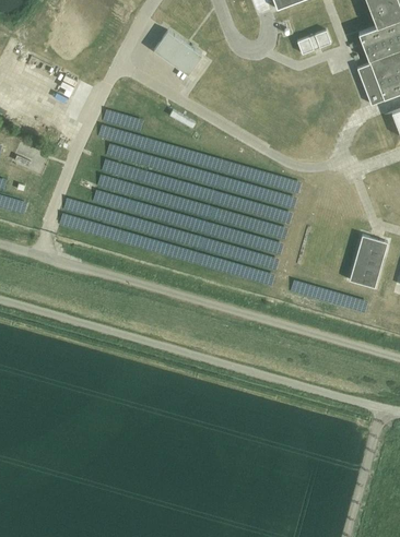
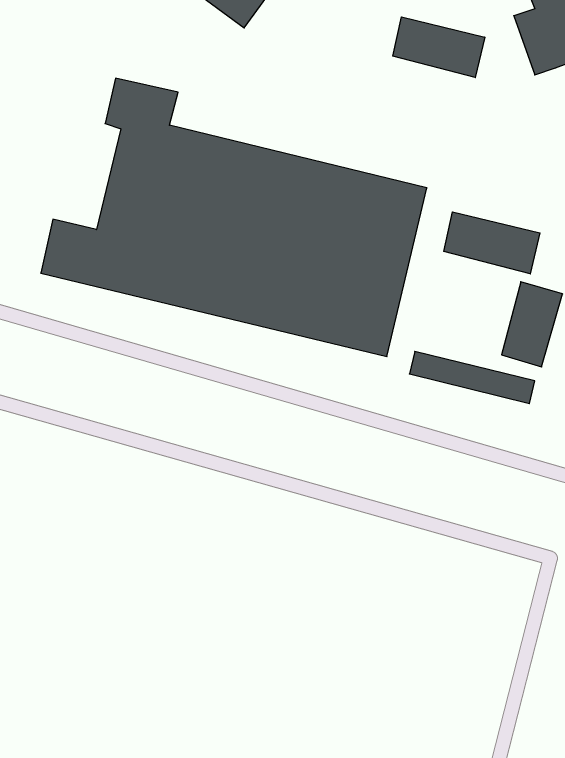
building: none -> [393,17,485,78]
building: none -> [444,212,540,274]

